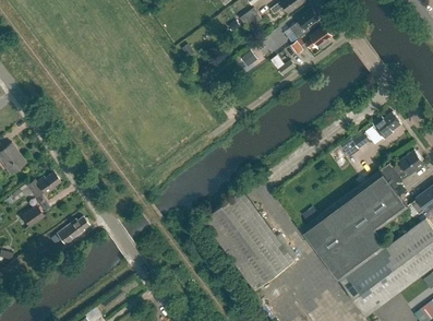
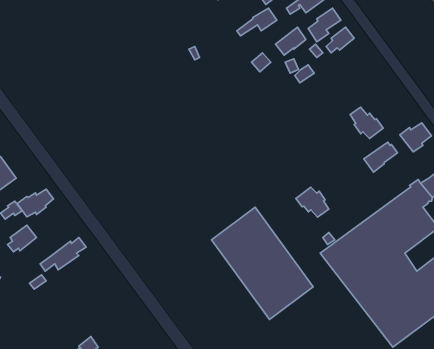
building: none -> [350,107,383,138]
building: none -> [296,187,329,217]

